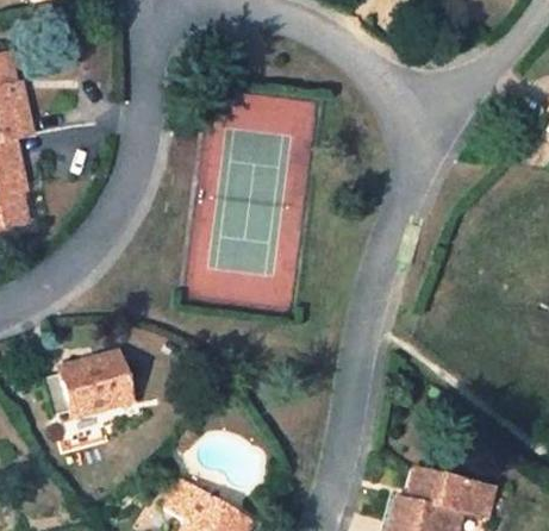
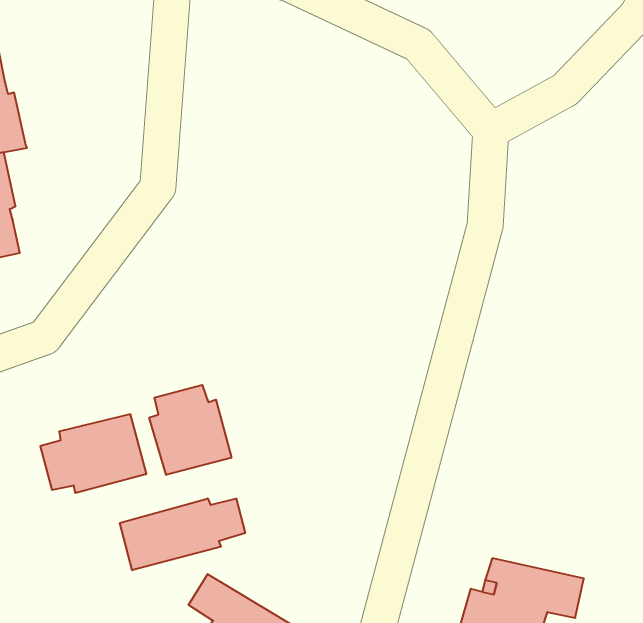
building: none -> [149,385,231,475]
building: none -> [120,498,245,570]

